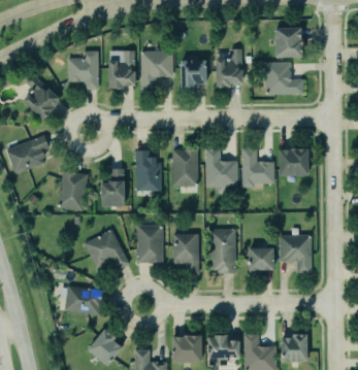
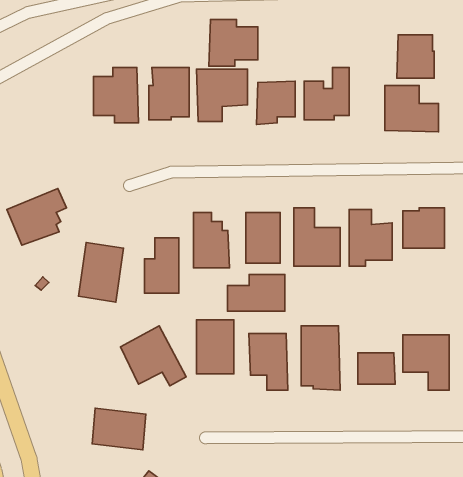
building: none -> [209,19,258,66]
building: [19,73,58,120] -> none
building: none -> [228,275,285,311]

